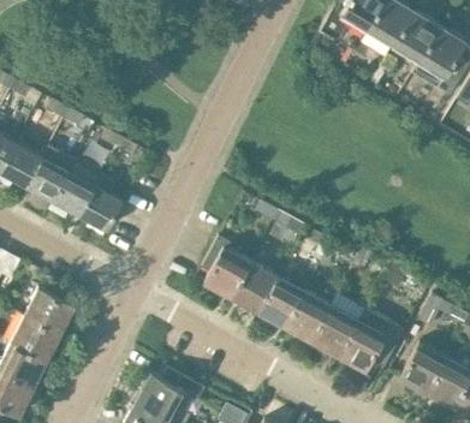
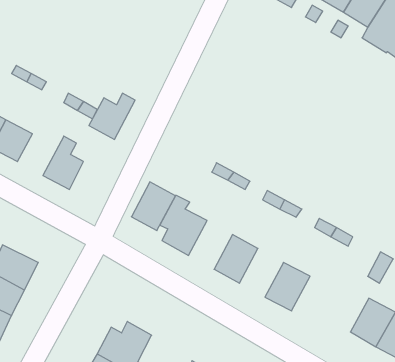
building: [53,168,101,216] -> [89,93,135,139]
building: [231,263,276,314] -> [131,182,175,231]
building: [284,292,329,342] -> none
building: [338,309,403,371] -> none

